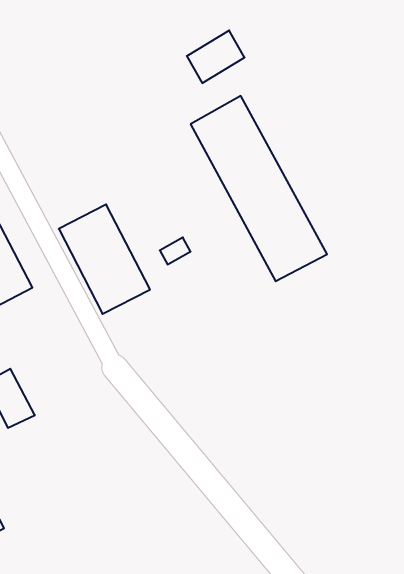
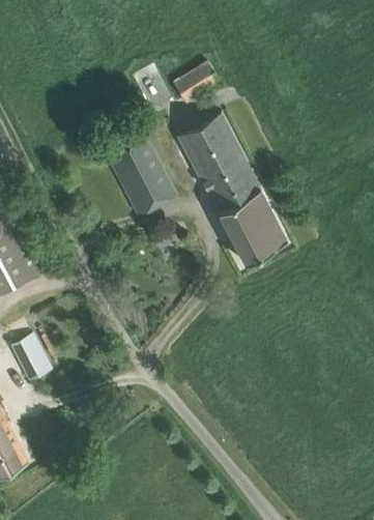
building: [59,204,150,314] -> [103,126,176,214]

